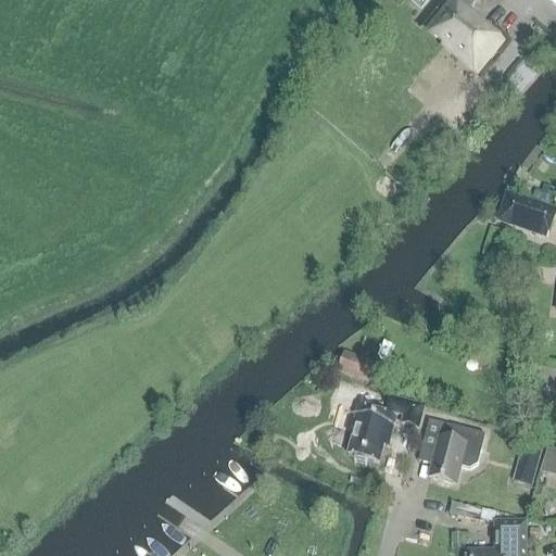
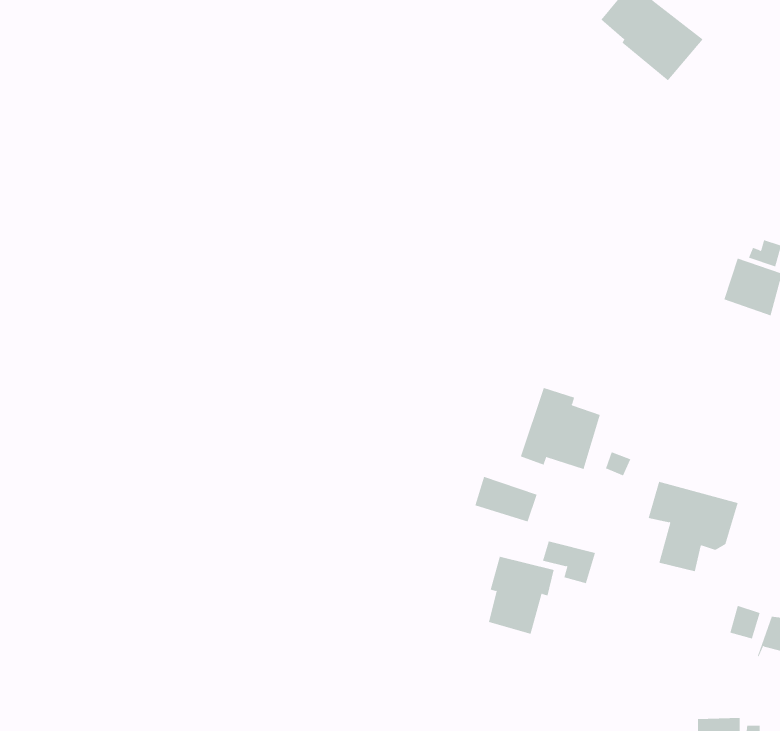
building: none -> [520,387,601,470]
building: [420,418,484,482] -> [648,481,739,572]

